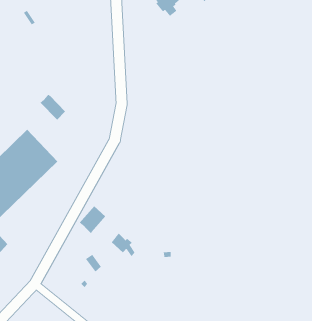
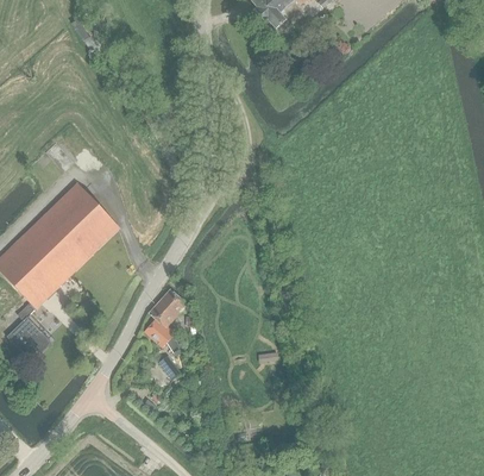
building: [40,93,66,121] -> none
building: [111,233,136,258] -> [144,318,178,352]

